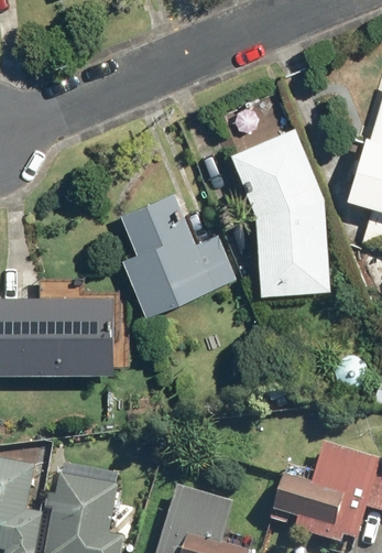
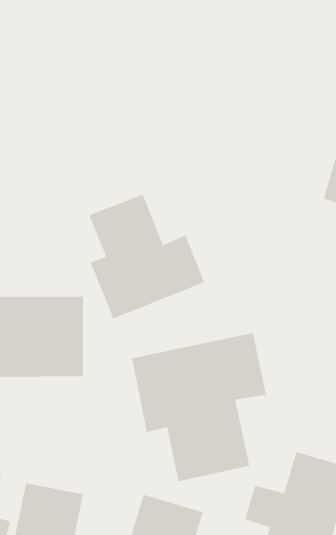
building: [231,127,330,296] -> none
building: none -> [131,332,267,482]

